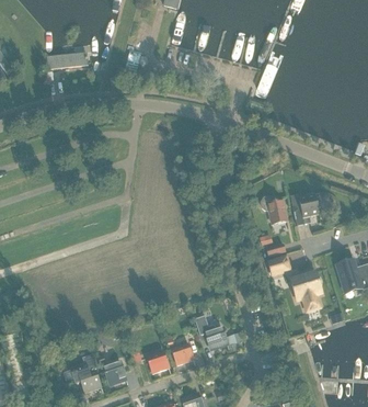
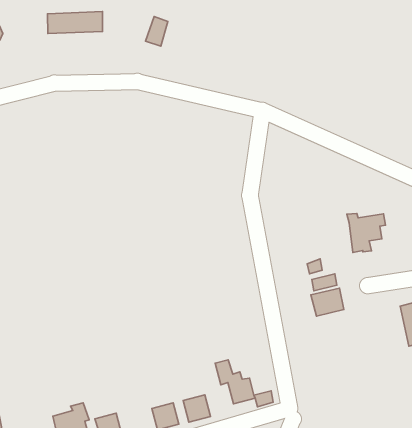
building: [260,196,286,224] -> none
building: [289,271,321,306] -> none

